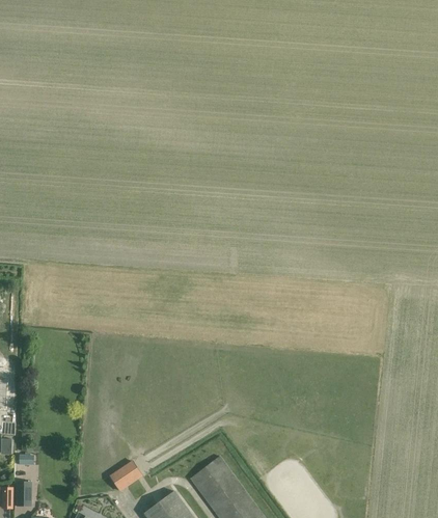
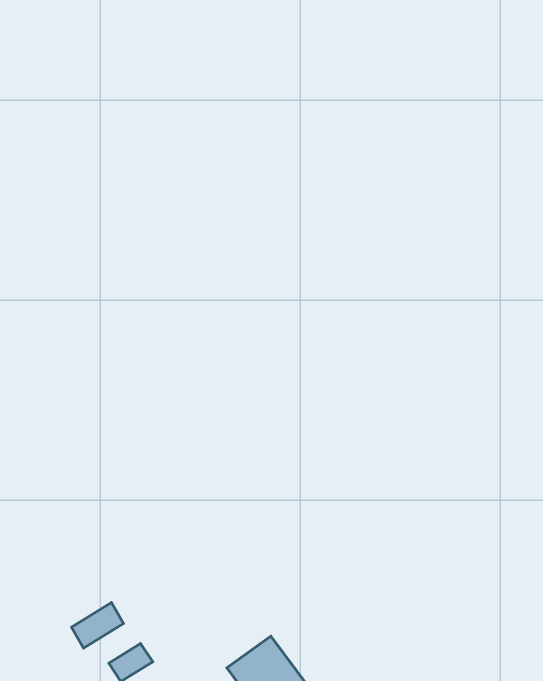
building: none -> [72,602,123,648]

